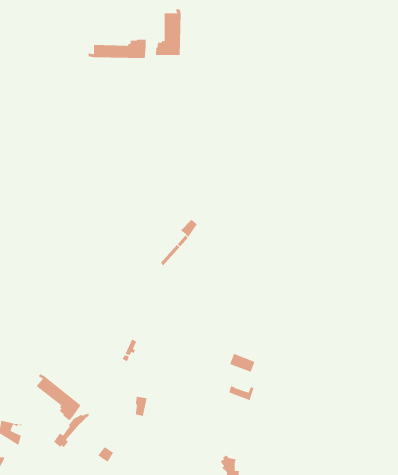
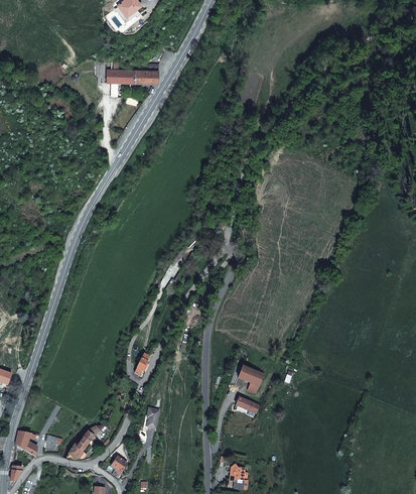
building: [155,8,181,56] -> none
building: [36,373,82,422] -> none

